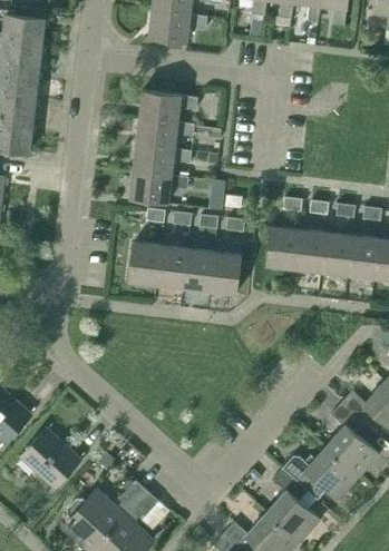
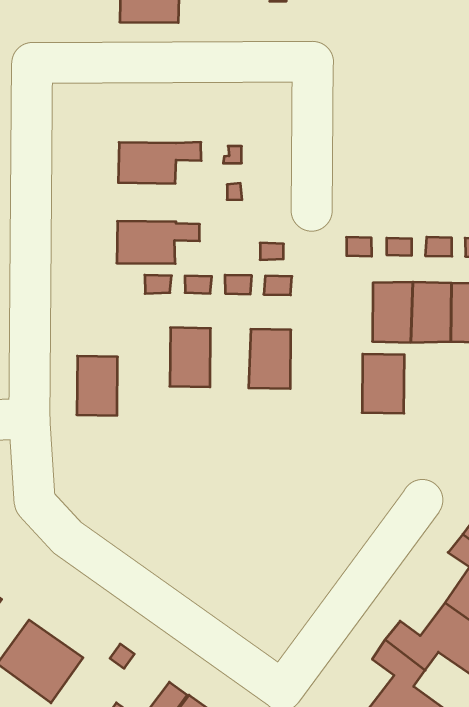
building: [139,90,197,122] -> none
building: [133,145,191,175] -> none
building: [266,226,299,268] -> [362,354,404,413]
building: [129,242,161,284] -> [77,356,118,415]
building: [183,248,214,291] -> none

